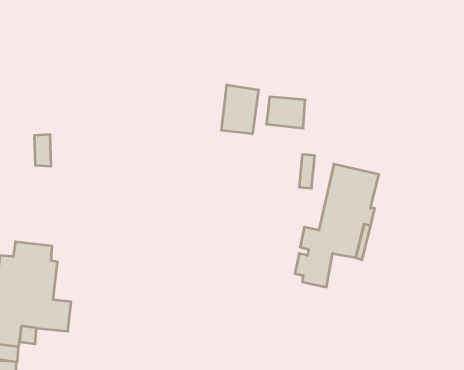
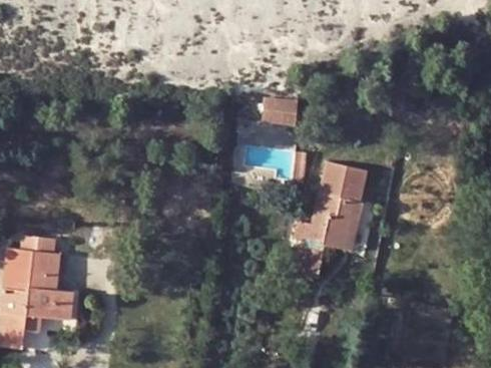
building: [221,85,259,134] -> none

